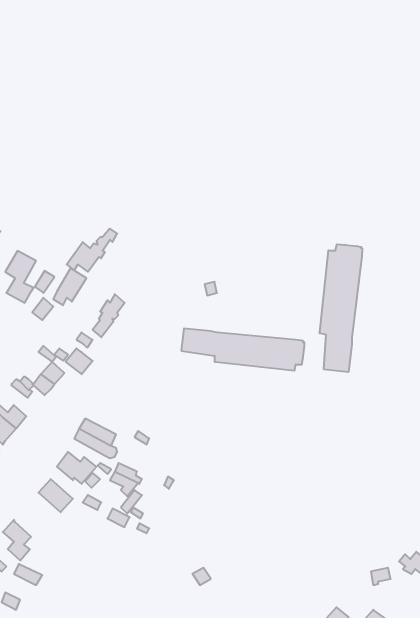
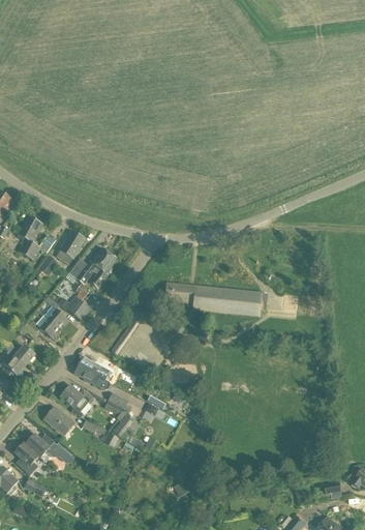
building: [67,229,117,272] -> [65,247,108,284]
building: [320,244,362,372] -> none
building: none -> [24,434,71,463]

